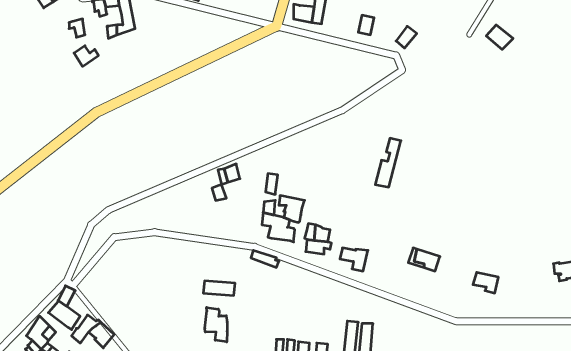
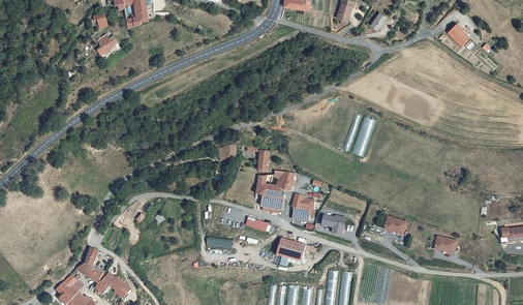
building: none -> [276,235,306,258]
building: [205,307,227,342] -> none

